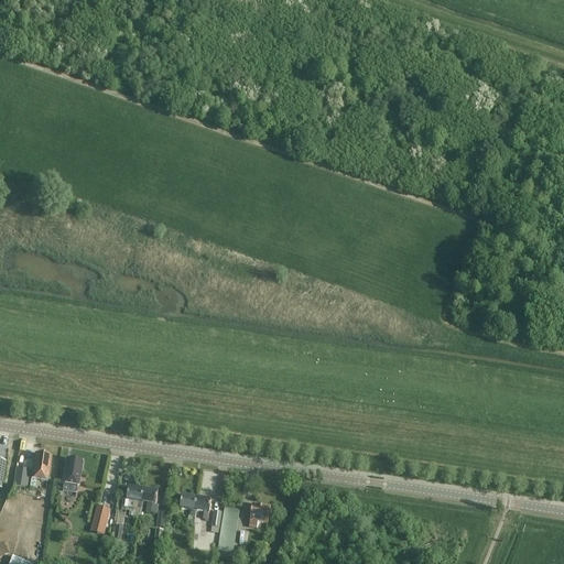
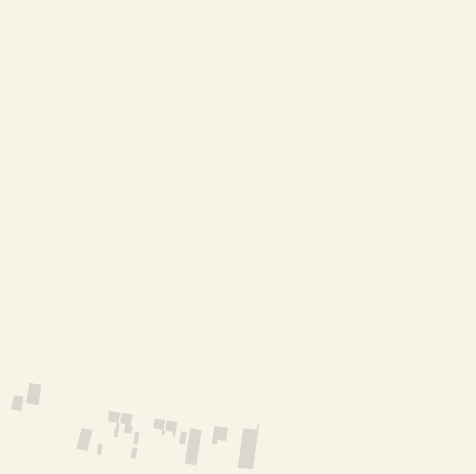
building: [62,456,82,490] -> none
building: none -> [237,422,260,470]

